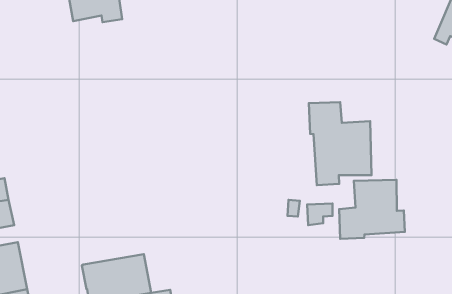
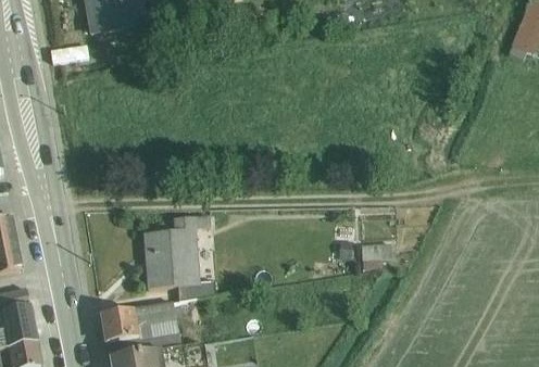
building: [309,102,371,185] -> none
building: none -> [142,214,215,300]
building: [339,180,405,239] -> none

